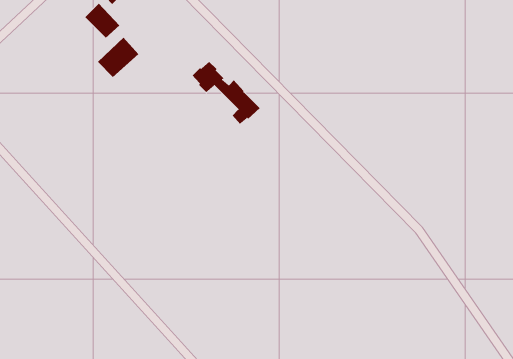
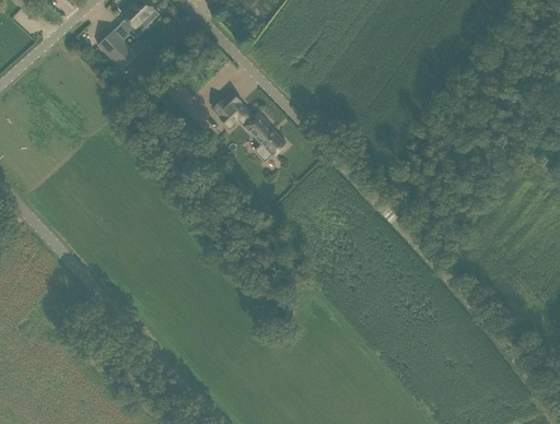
building: [97,37,139,78] -> none

